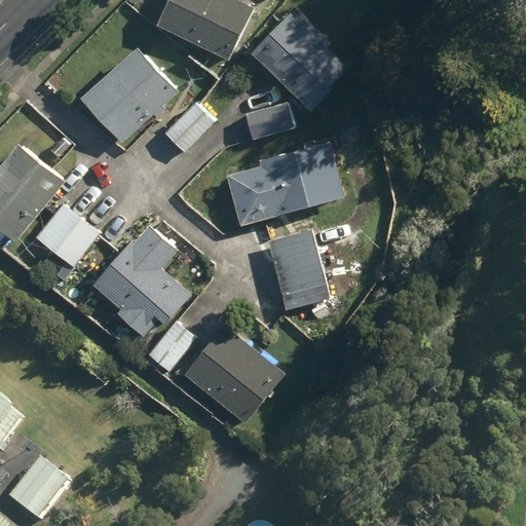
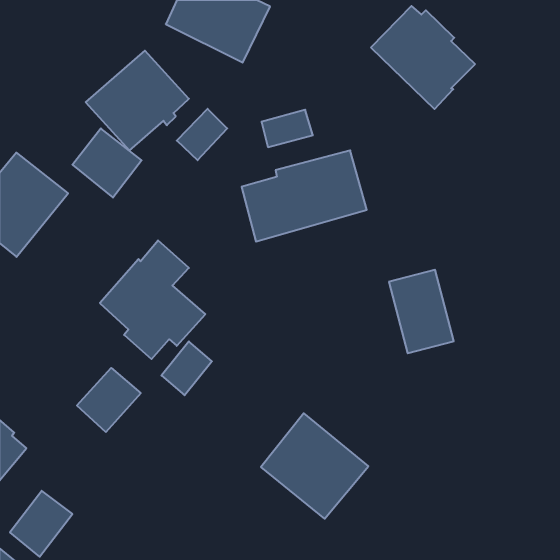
building: [250,13,347,110] -> [371,6,475,109]
building: [35,203,100,268] -> [72,128,142,198]
building: [268,230,329,308] -> [389,270,454,353]
building: [184,325,285,423] -> [261,413,368,519]
building: none -> [77,368,141,432]

